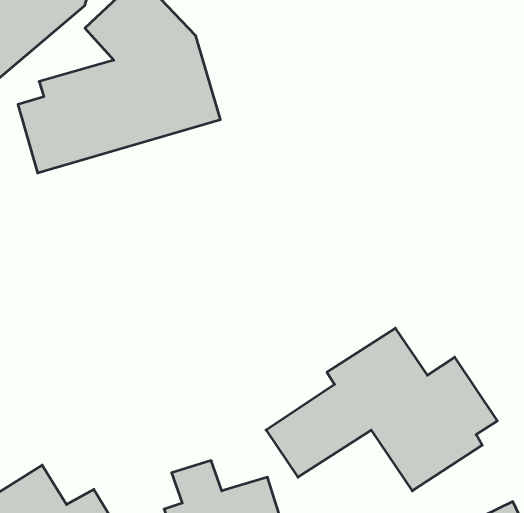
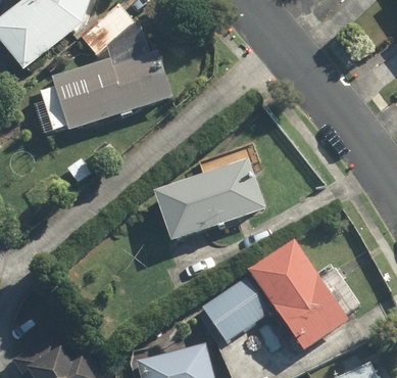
building: none -> [152,137,264,242]

